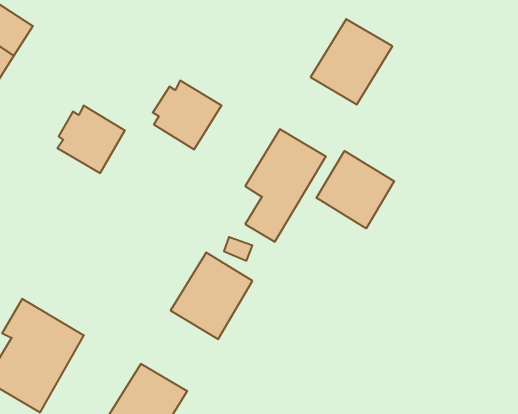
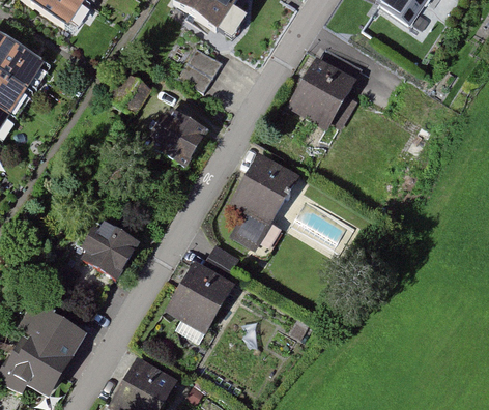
building: none -> [177,45,222,90]
building: [57,106,125,173] -> [80,222,139,281]
building: [316,151,394,228] -> none

